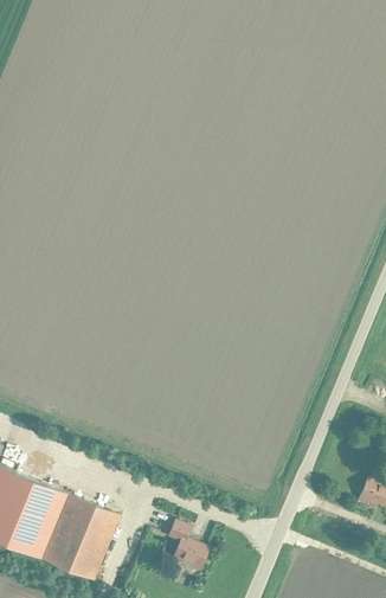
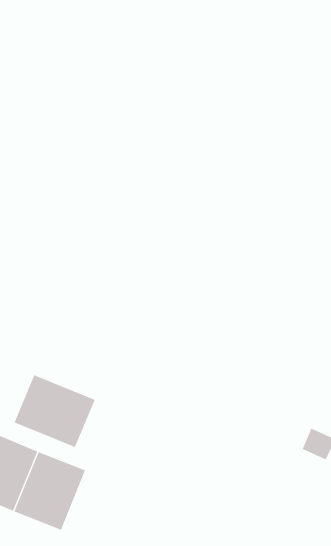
building: none -> [14,375,95,448]
building: [168,521,208,572] -> none

